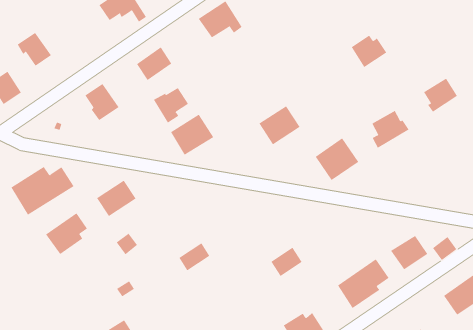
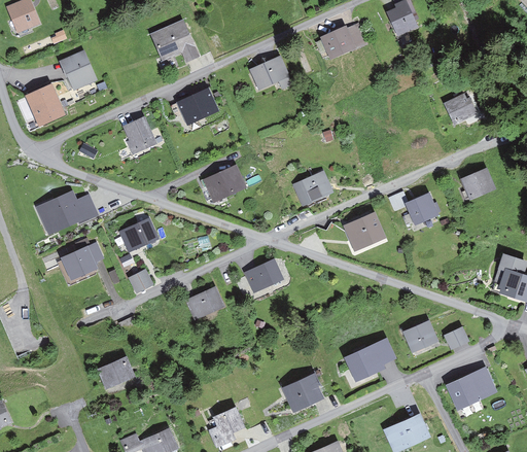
building: [351,35,387,68] -> [443,94,478,126]
building: [153,87,189,123] -> none
building: [270,247,302,277] -> [248,265,280,292]

